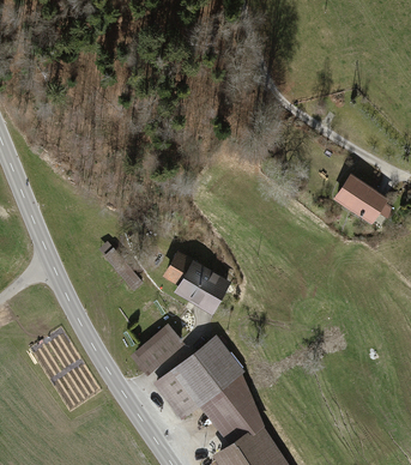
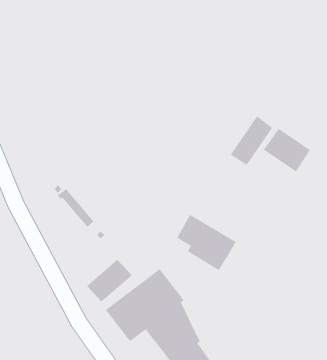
building: none -> [230,115,273,166]
building: [162,248,231,314] -> [176,214,237,271]

